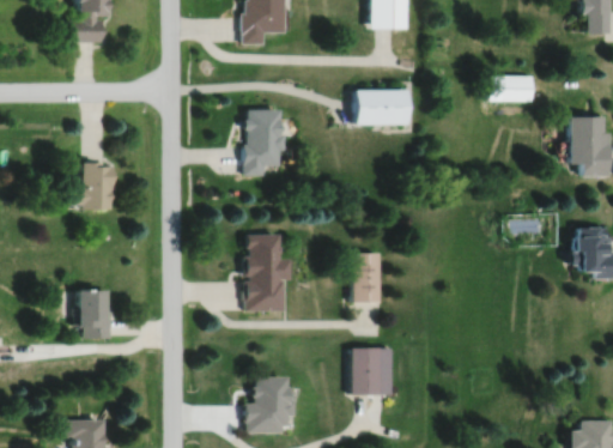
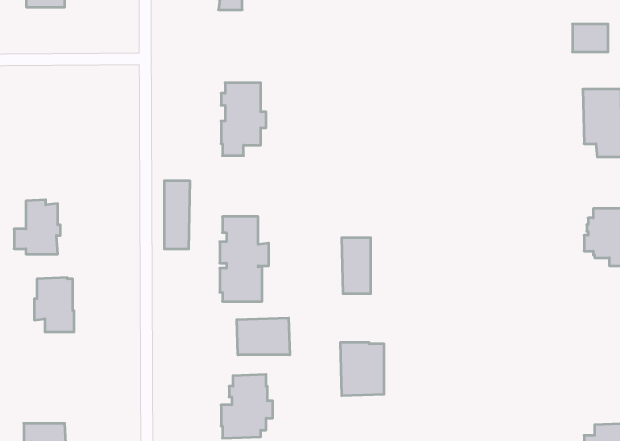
building: [503,77,535,102] -> [572,24,608,52]
building: [357,90,408,127] -> none
building: [72,159,114,208] -> [14,200,60,254]
building: none -> [164,181,190,249]
building: none -> [237,318,290,355]

